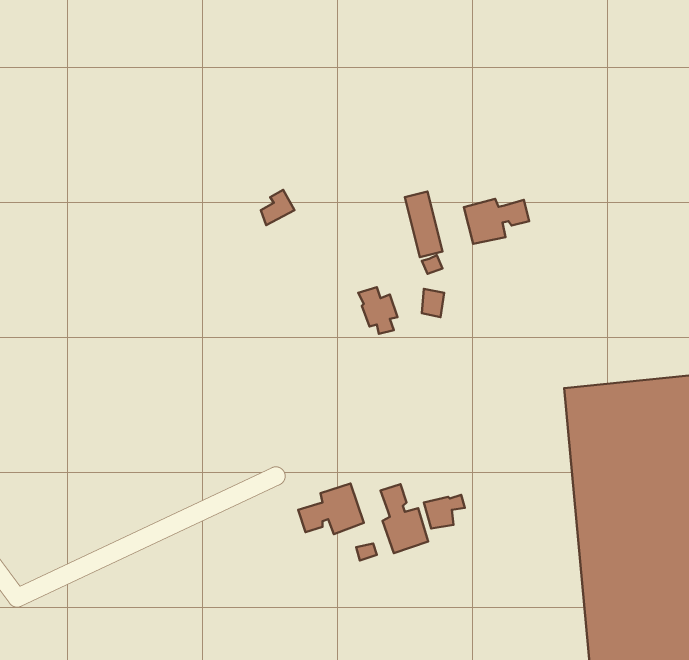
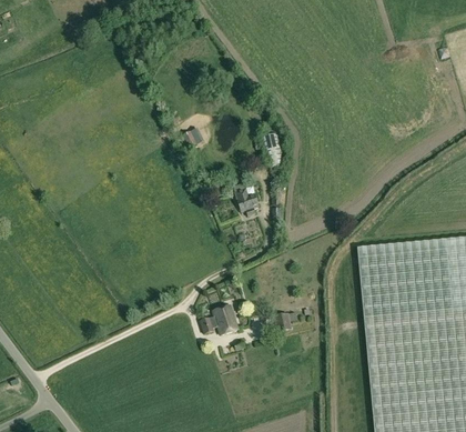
building: [464,199,529,244] -> none
building: [381,484,428,553] -> none

